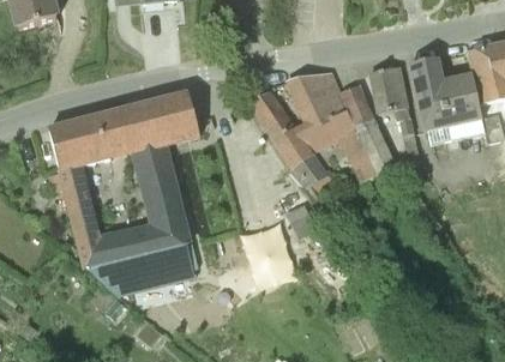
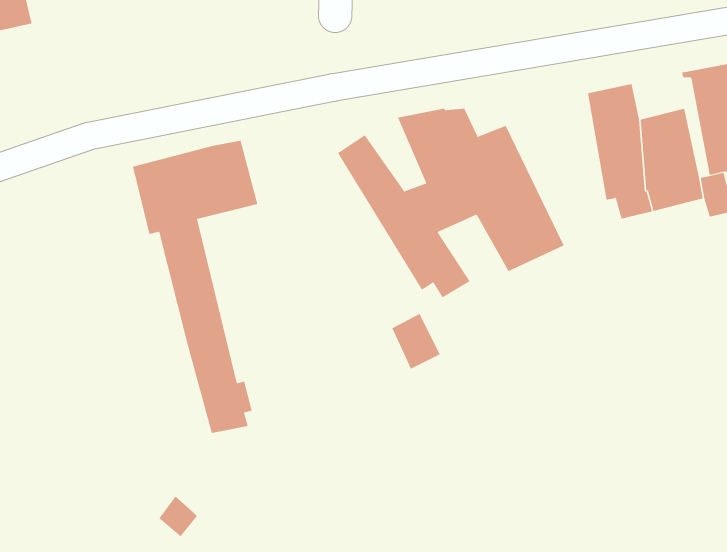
building: [369,65,416,157] -> none
building: [48,109,169,292] -> none

